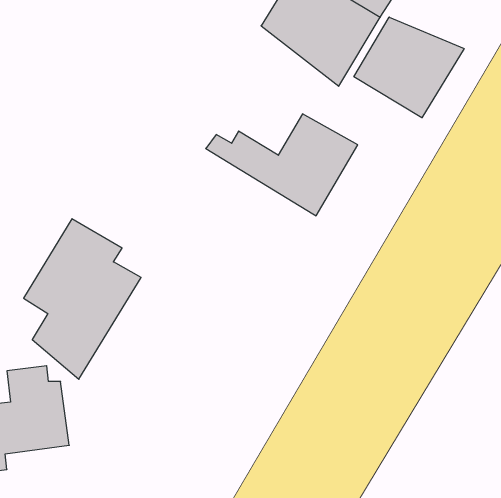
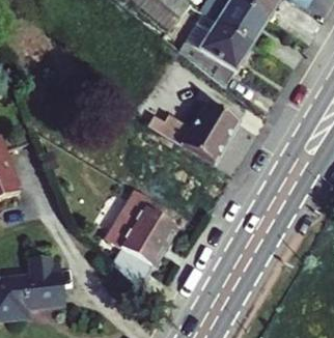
building: [354,17,464,118] -> none
building: [24,219,141,379] -> [108,191,178,287]

